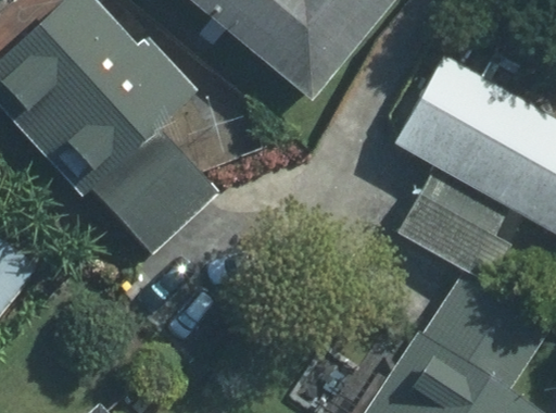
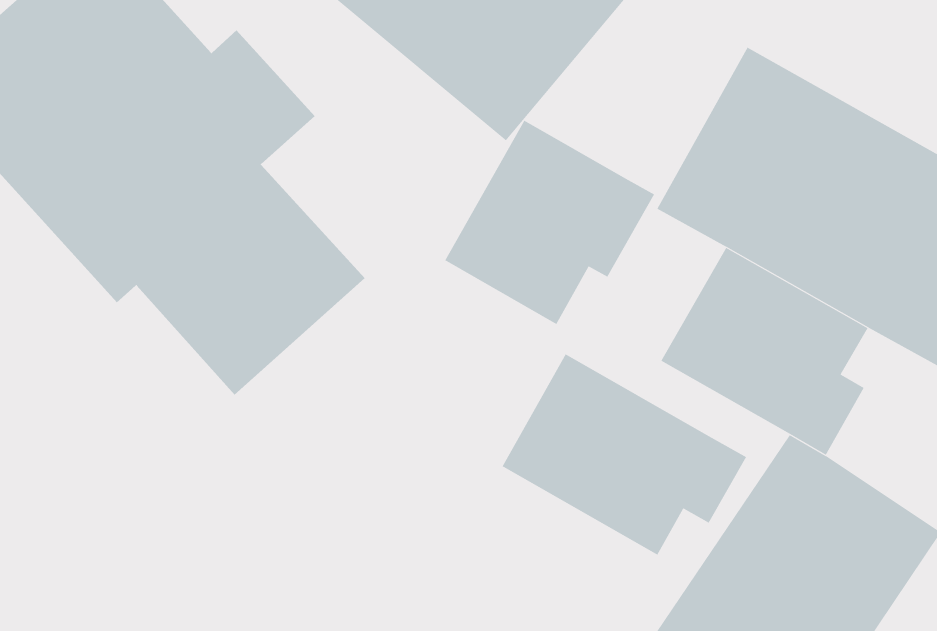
building: none -> [445,120,655,325]
building: none -> [502,353,747,556]

